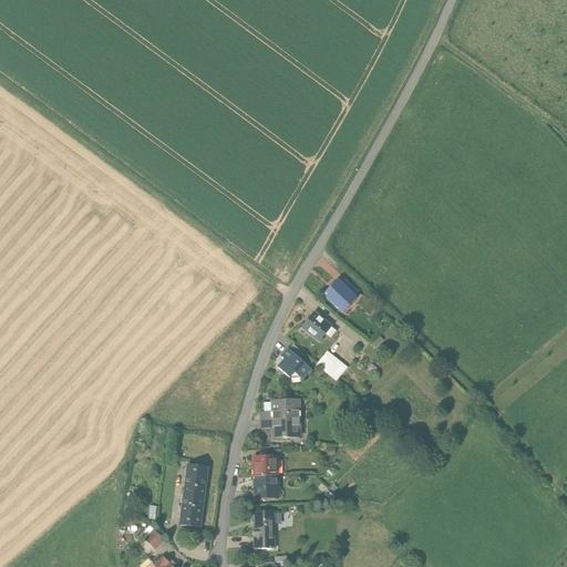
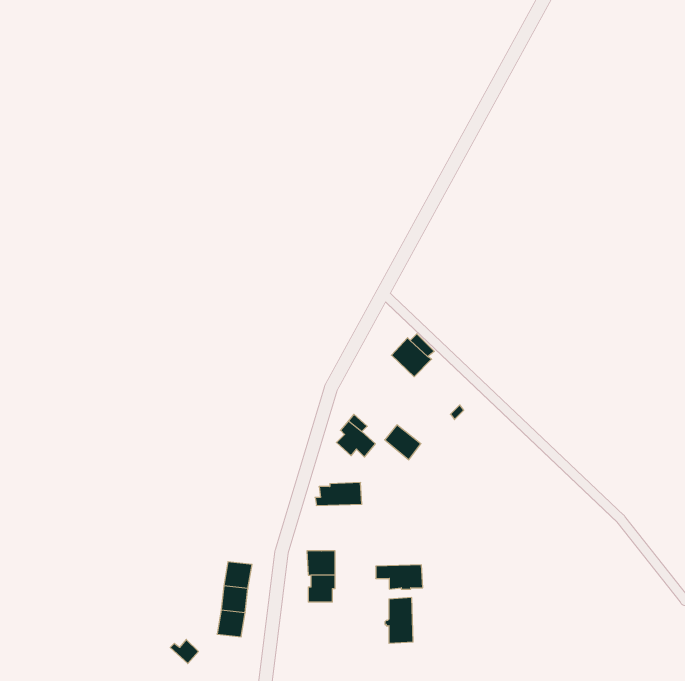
building: [301,309,331,338] -> none
building: [261,416,300,436] -> [376,565,423,589]
building: [251,511,275,548] -> [385,598,413,643]

